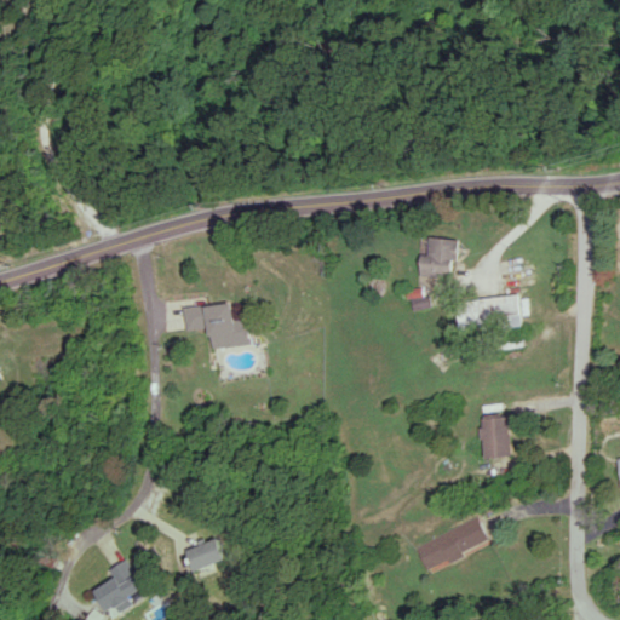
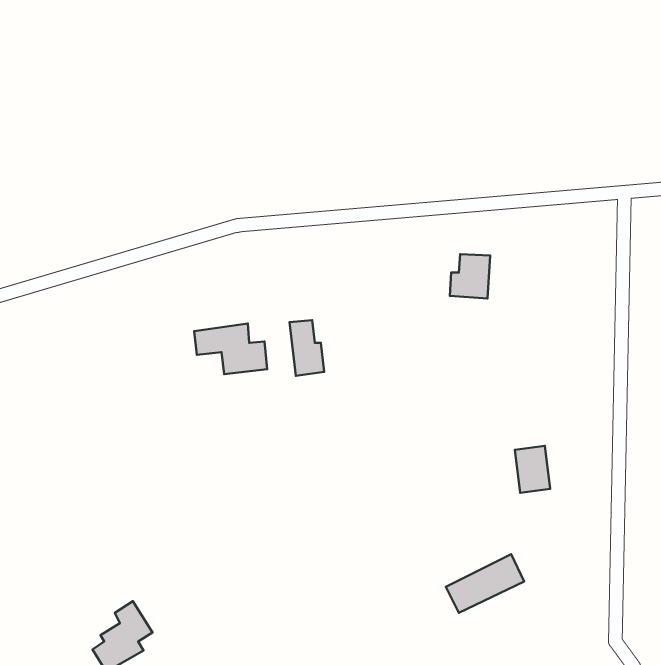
building: [455,295,521,331] -> none
building: none -> [289,320,324,376]
building: [184,539,223,570] -> none

